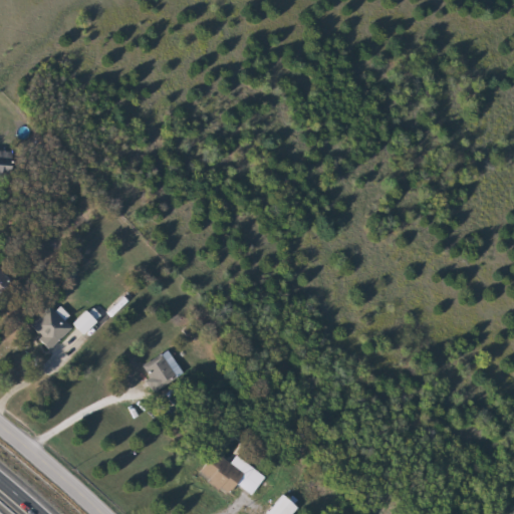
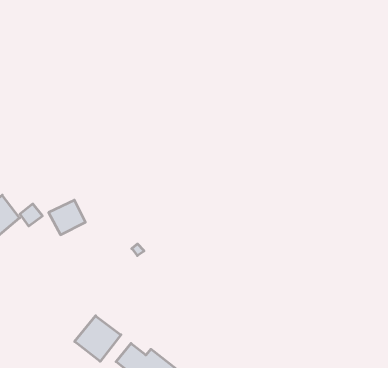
building: [143,350,185,391] -> [49,200,85,235]
building: none -> [75,316,121,361]

